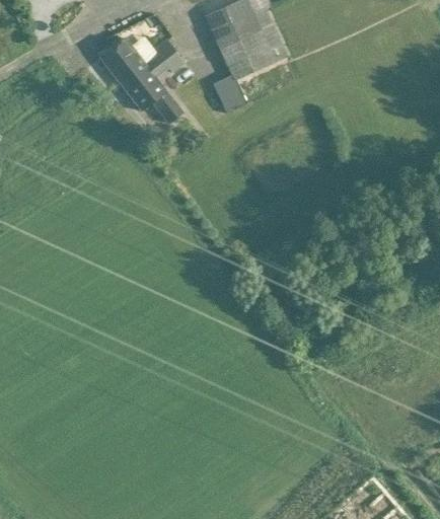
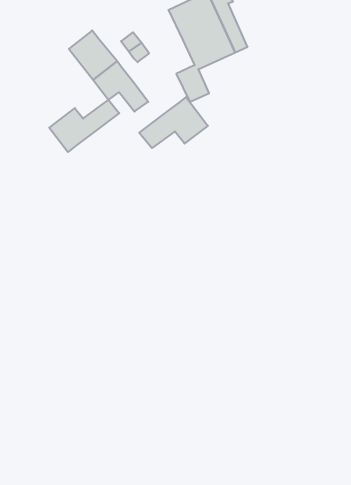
building: none -> [139,97,208,148]
building: none -> [49,100,119,152]

